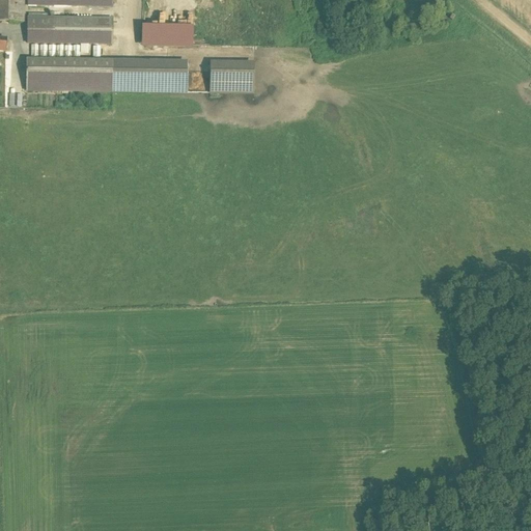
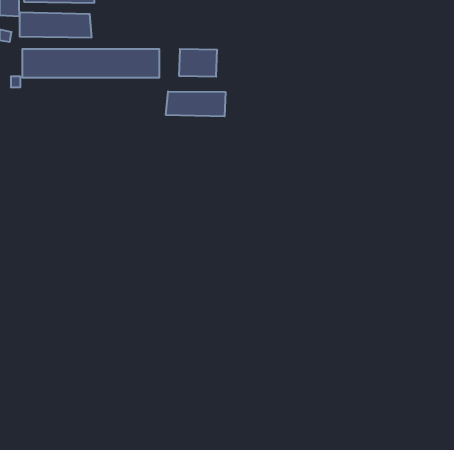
building: [142,24,192,43] -> none
building: none -> [166,91,225,116]

